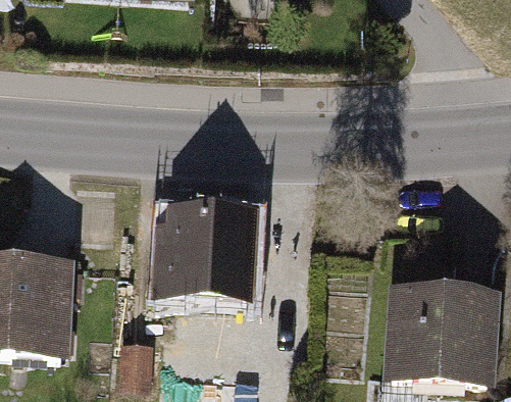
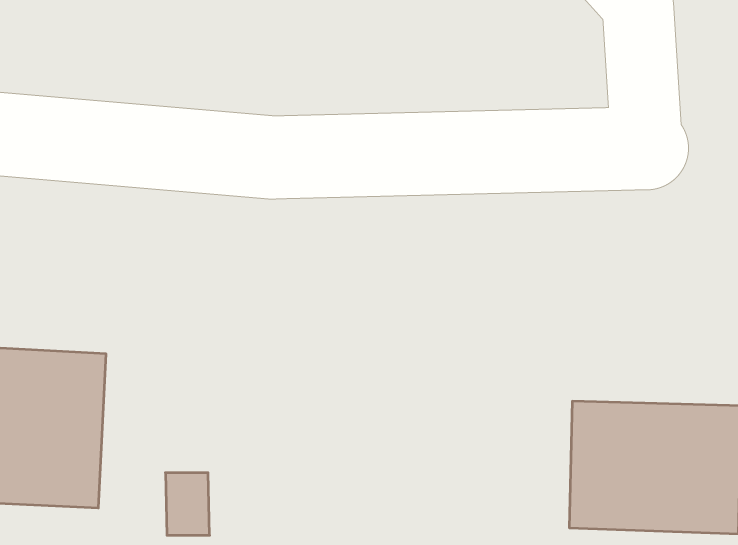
building: [151,209,266,313] -> none

